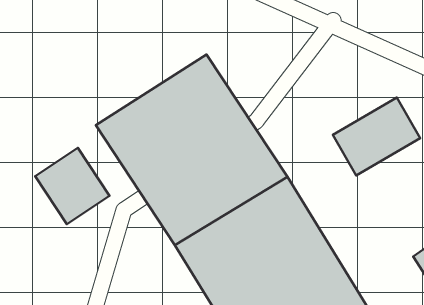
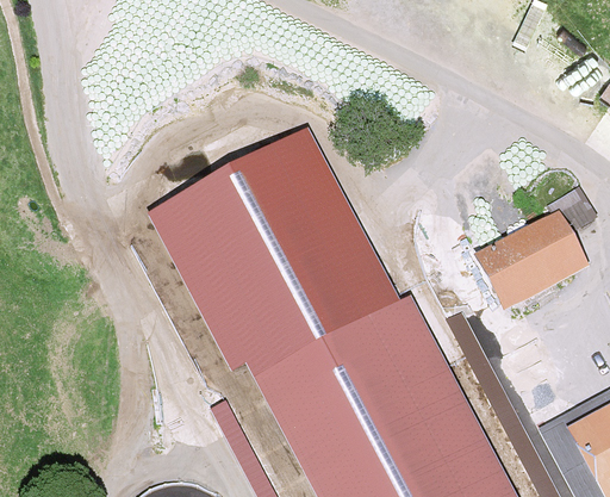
building: [35,148,109,224] -> none

